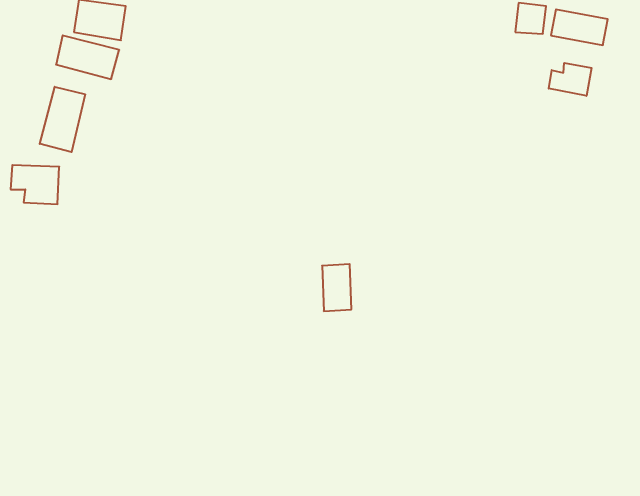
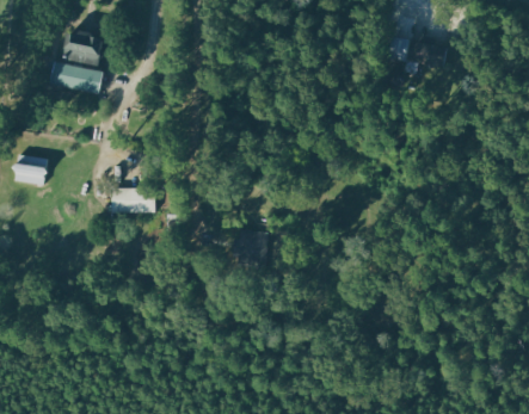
building: [549,63,592,96] -> none
building: [40,87,85,152] -> none
building: none -> [112,189,158,214]

